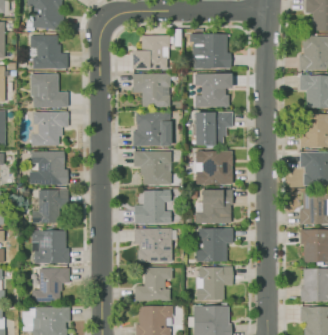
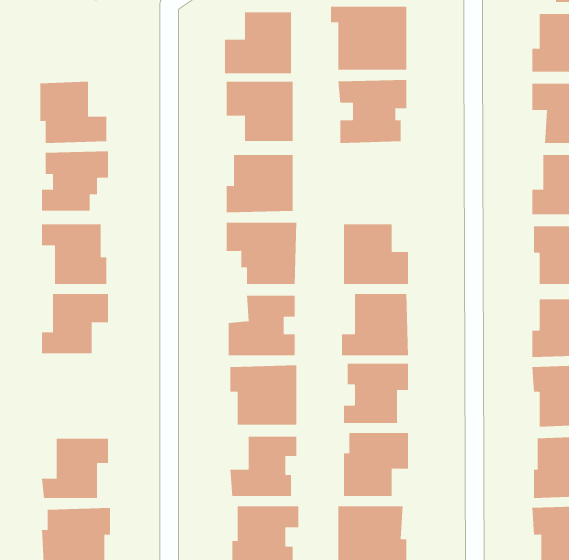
building: [31,34,68,68] -> none
building: [195,112,232,145] -> none
building: [32,230,69,262] -> none

